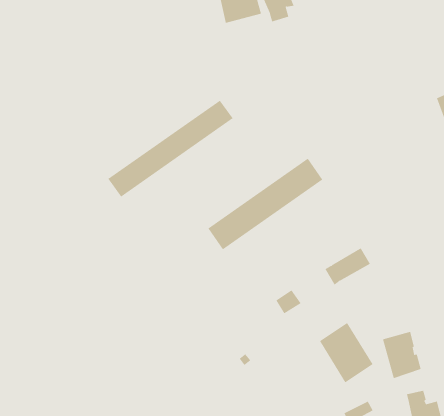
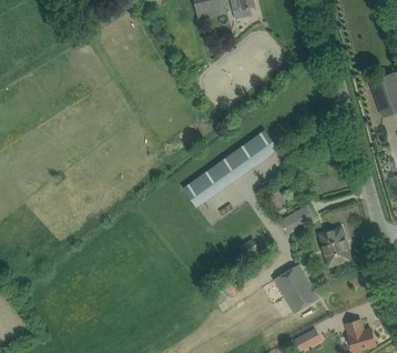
building: [107,100,234,198] -> none
building: [382,331,422,379] -> [317,228,349,266]

